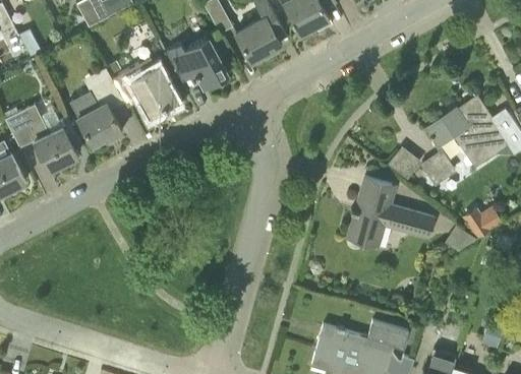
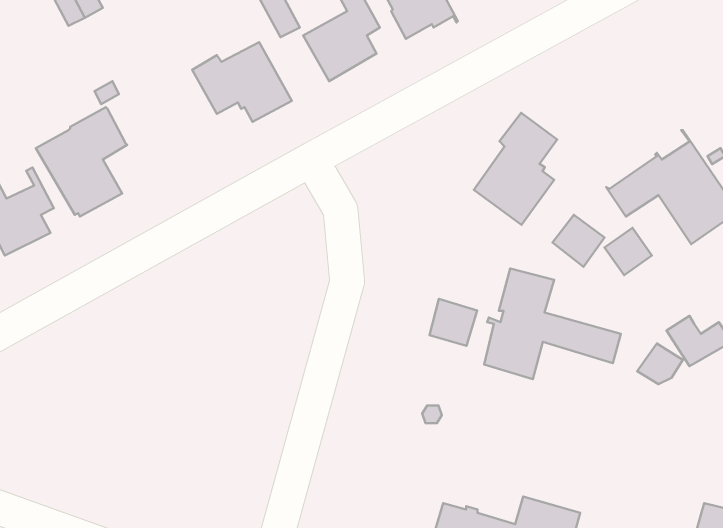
building: [114,58,178,117] -> none
building: none -> [474,113,557,225]
building: none -> [429,299,477,346]

